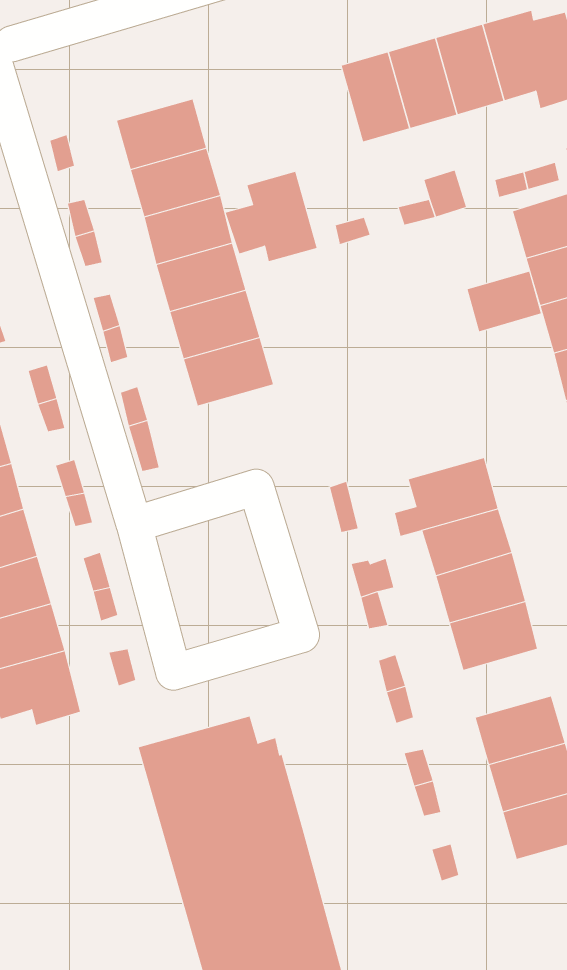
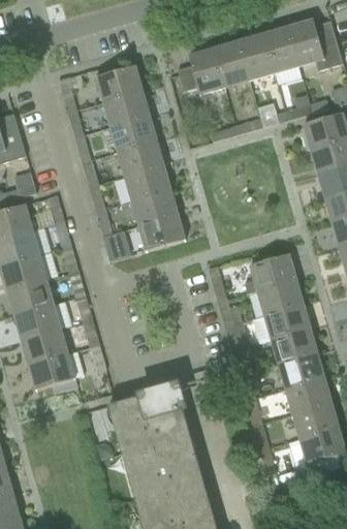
building: [225,171,318,262] -> [177,48,225,95]
building: [467,271,542,332] -> none
building: none -> [138,215,186,251]
building: none -> [278,353,324,390]

